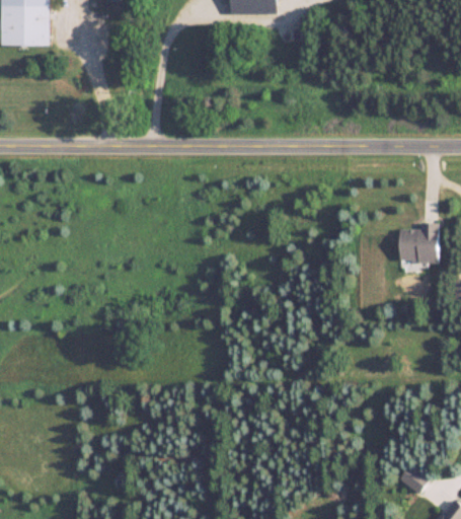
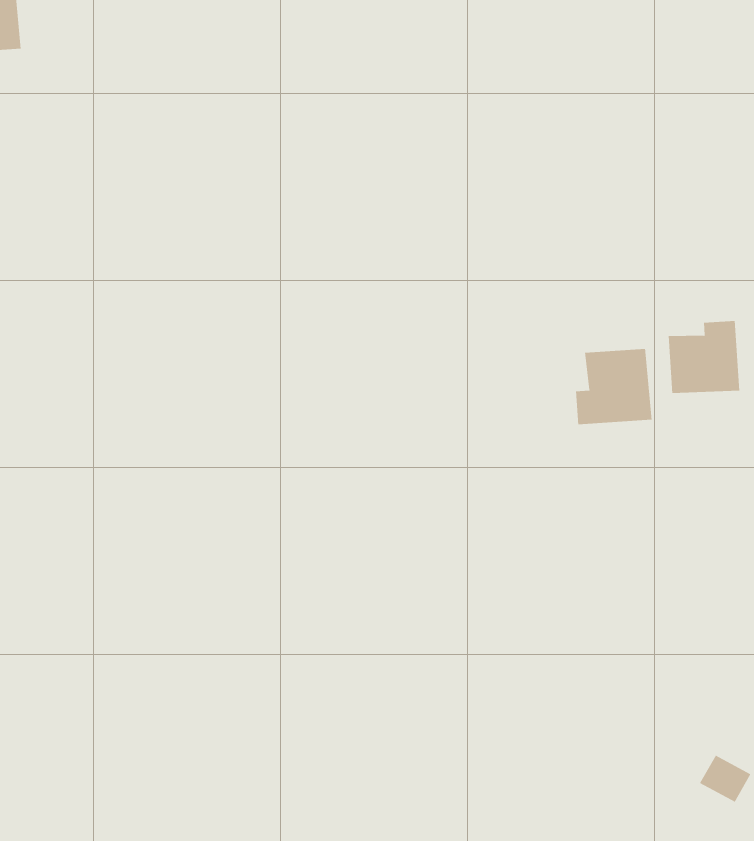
building: none -> [576,348,652,425]

